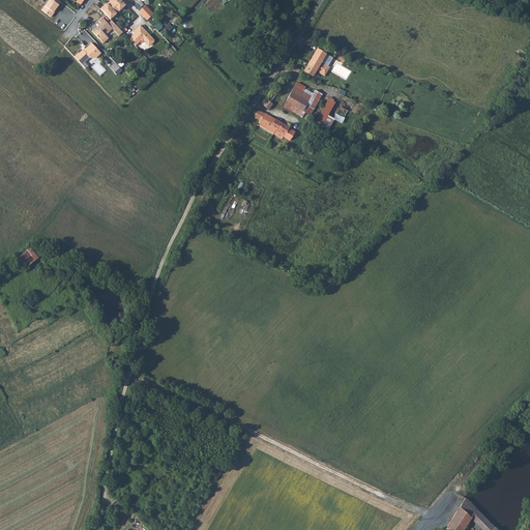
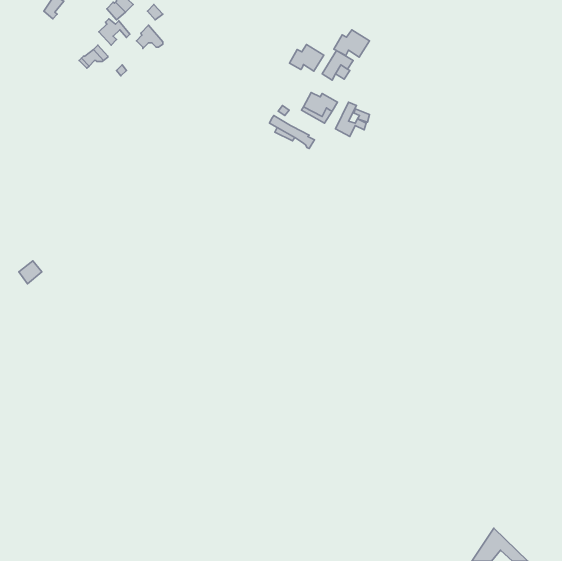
building: none -> [334,30,370,57]
building: none -> [289,44,324,71]

